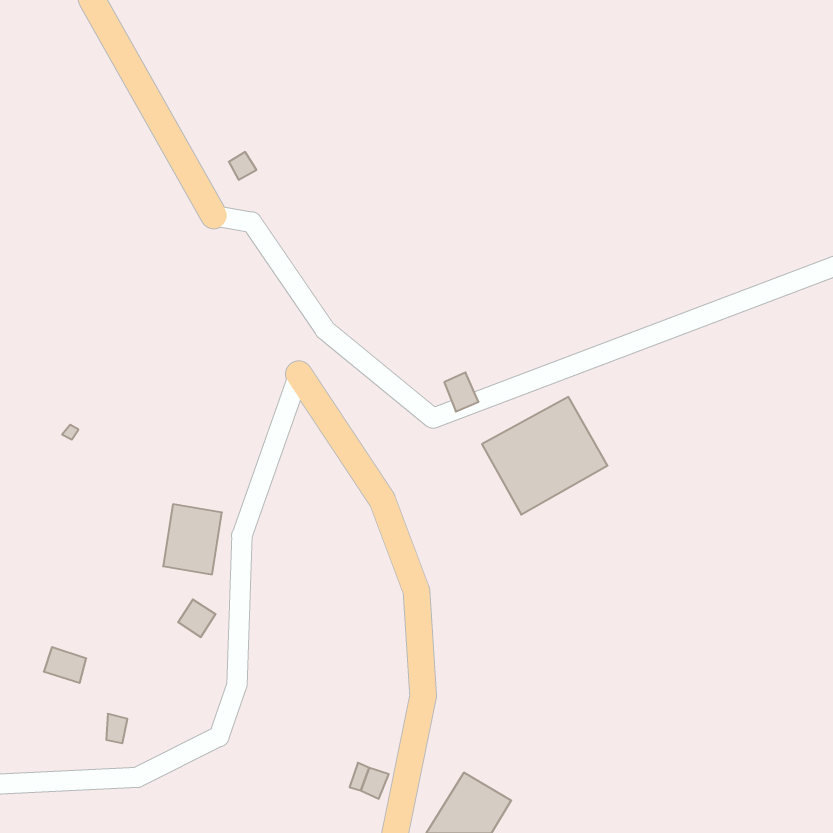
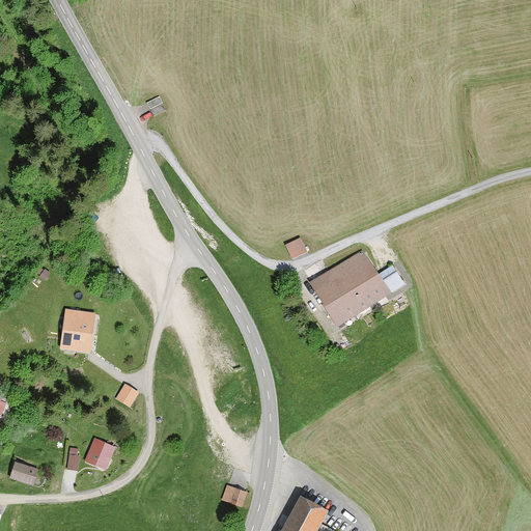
building: [163,504,222,574] -> [64,311,102,356]
building: [44,647,86,683] -> [11,462,38,484]
building: none -> [86,437,117,468]

